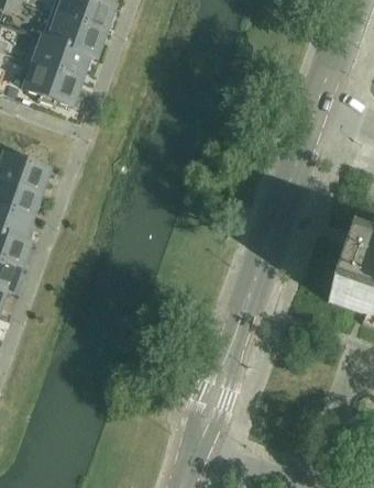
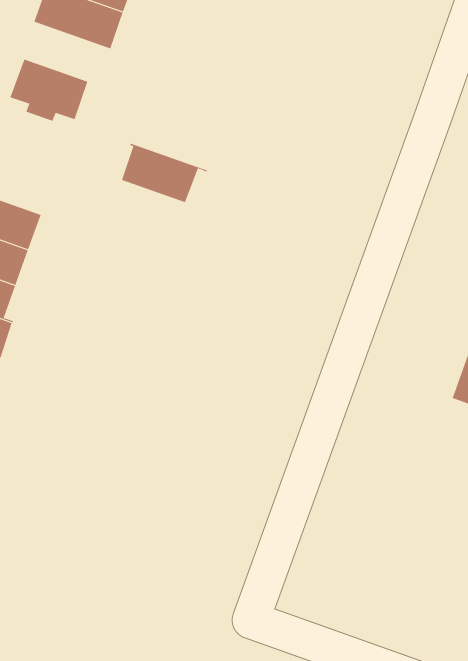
building: [36,36,96,77] -> [121,143,208,203]

